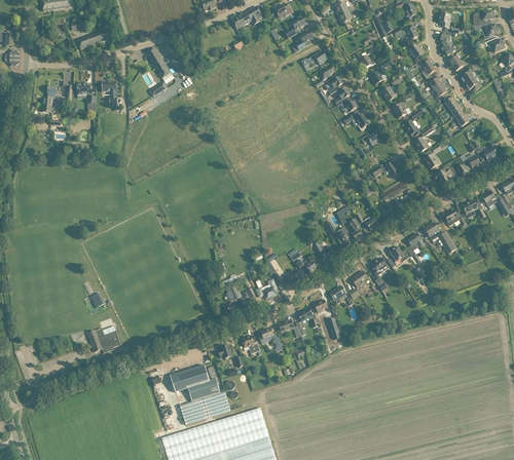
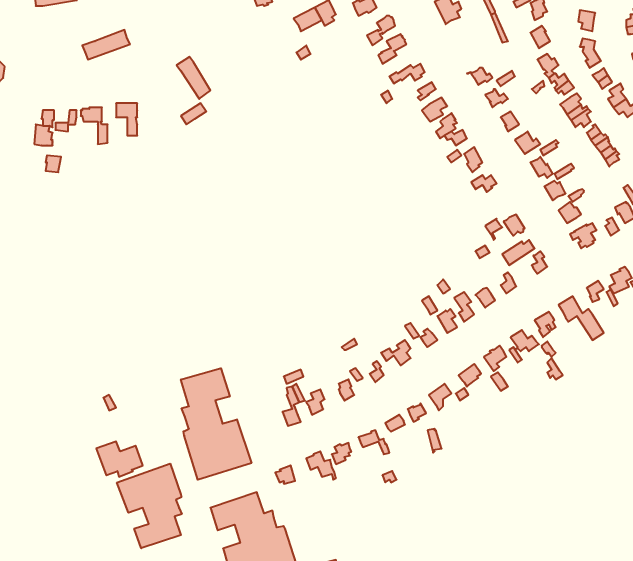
building: none -> [181,368,251,480]
building: none -> [117,464,182,548]

